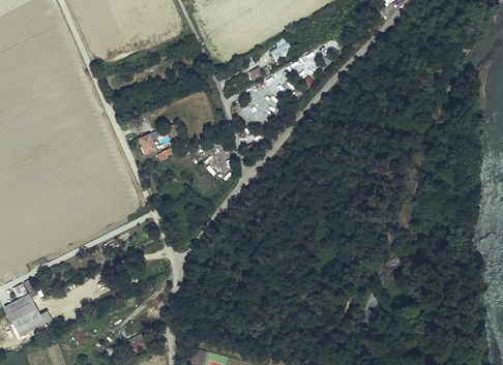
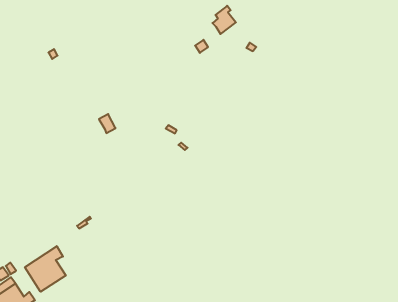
building: none -> [25,246,66,292]

